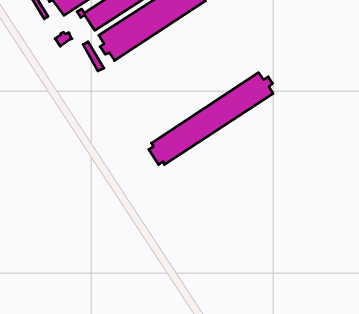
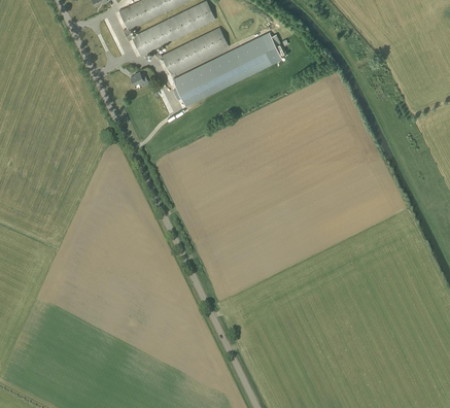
building: [149,73,273,165] -> none

